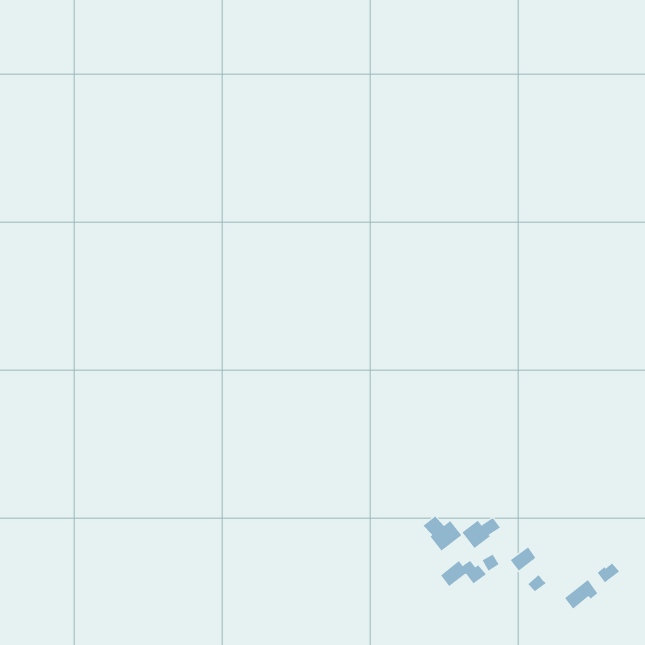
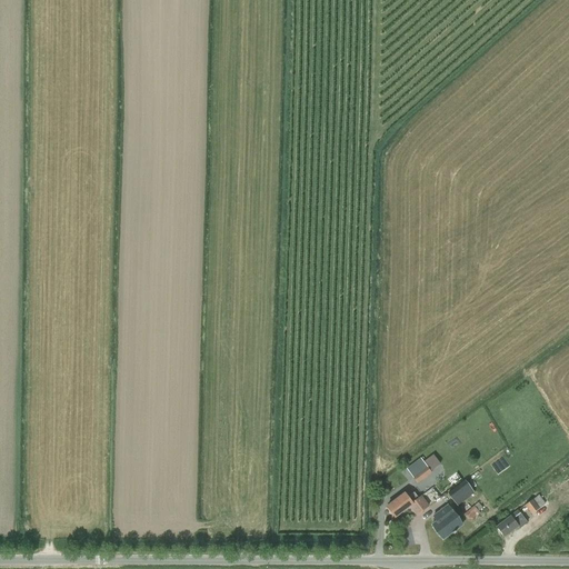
building: [423,516,462,552] -> none
building: none -> [432,505,463,538]

